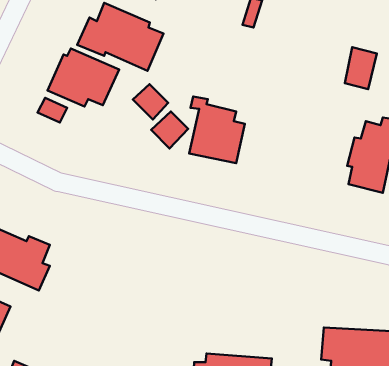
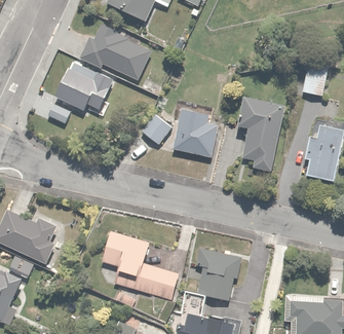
building: [133,84,168,119] -> none
building: none -> [237,97,284,173]
building: none -> [100,229,179,305]
building: none -> [194,248,238,299]

